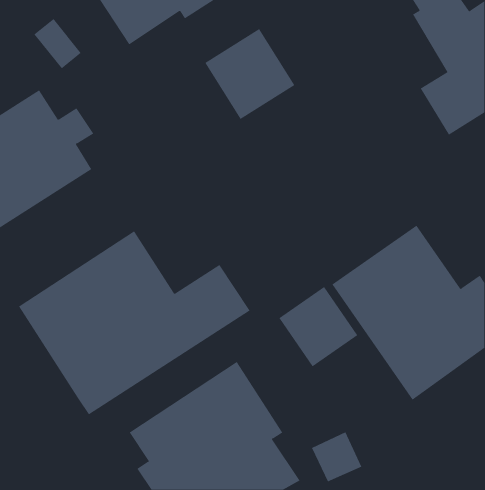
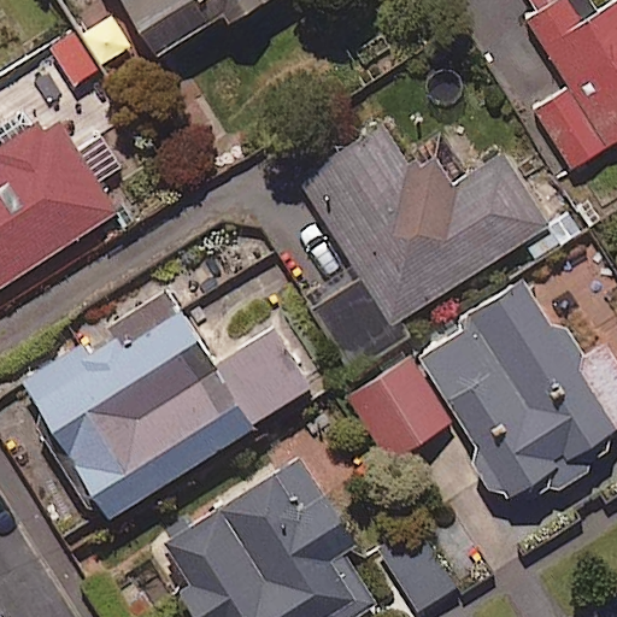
building: [204,28,295,120] -> none
building: none -> [301,130,548,366]

